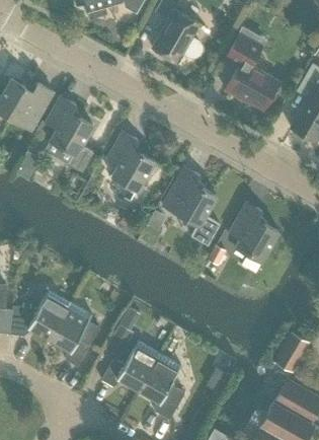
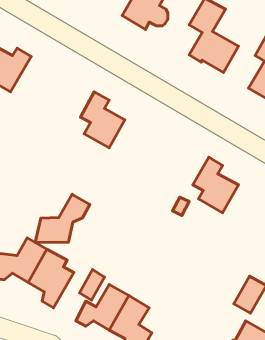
building: [45,97,92,173] -> none
building: [162,167,219,246] -> none
building: none -> [35,194,90,242]

